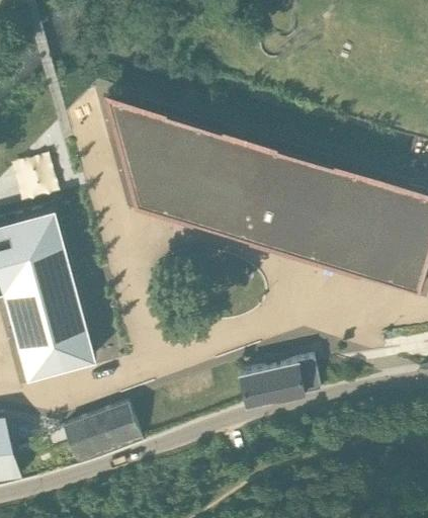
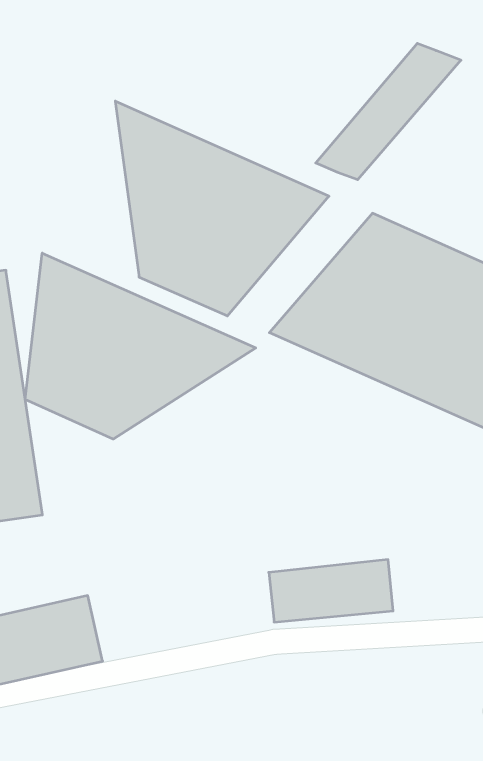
building: [193,142,275,231] -> [316,43,461,180]
building: none -> [25,253,256,439]

